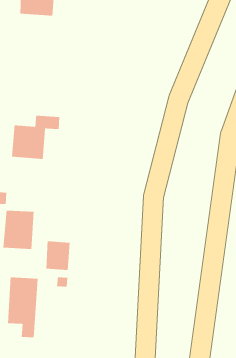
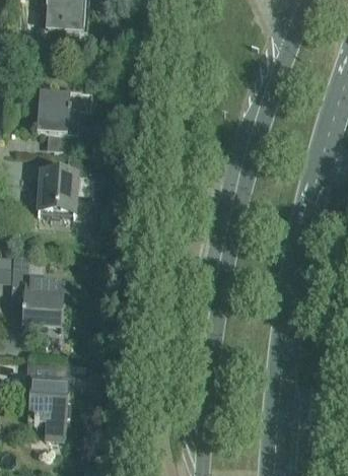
building: none -> [39,92,89,152]
building: [46,241,70,271] -> none

